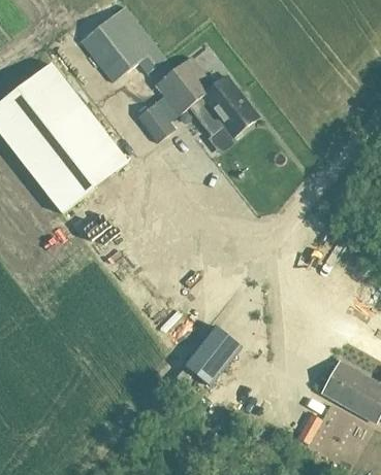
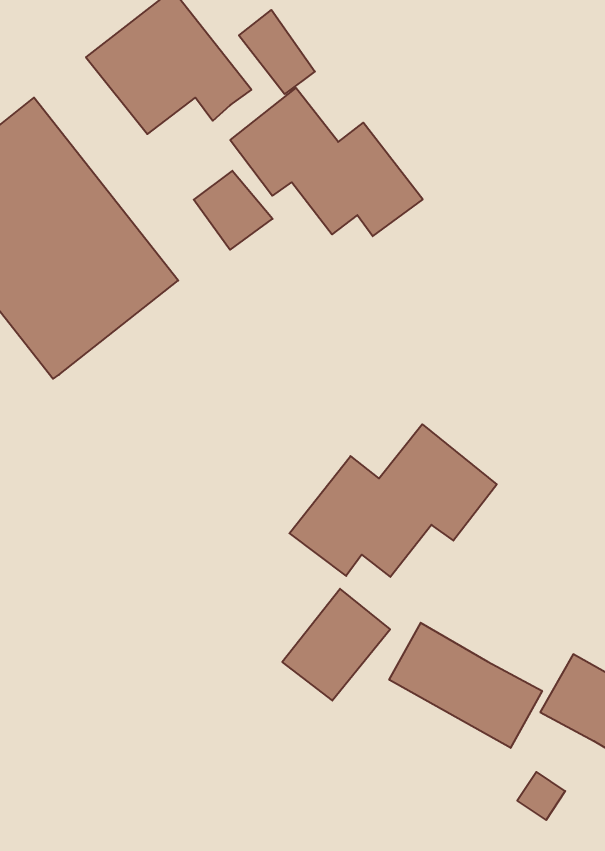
building: none -> [239,10,315,94]
building: none -> [289,424,497,577]
building: none -> [389,623,542,748]

